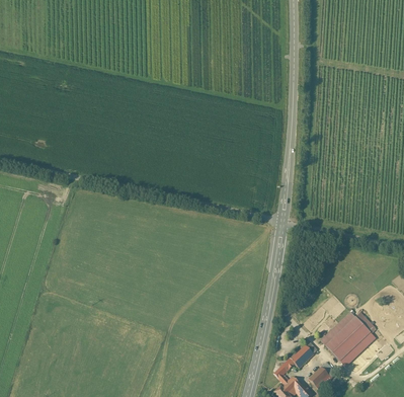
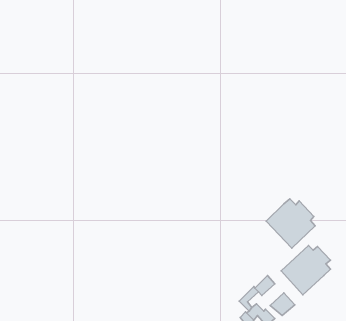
building: none -> [266,199,315,248]

